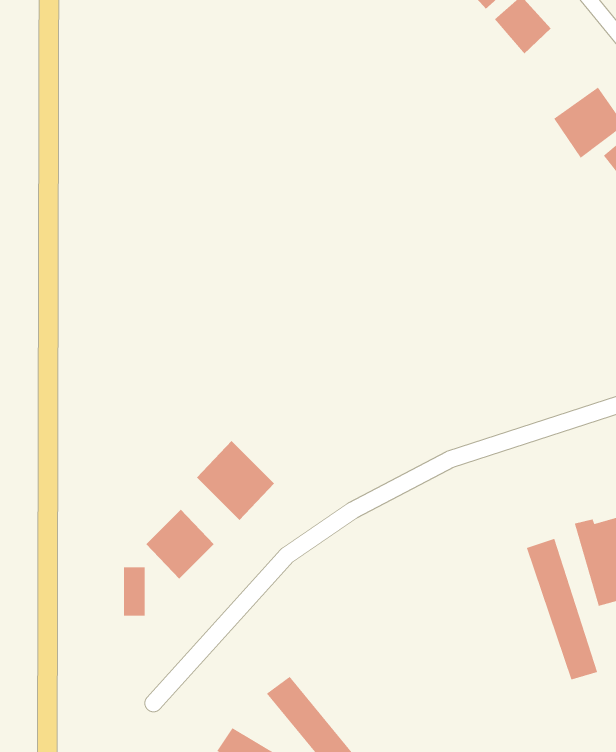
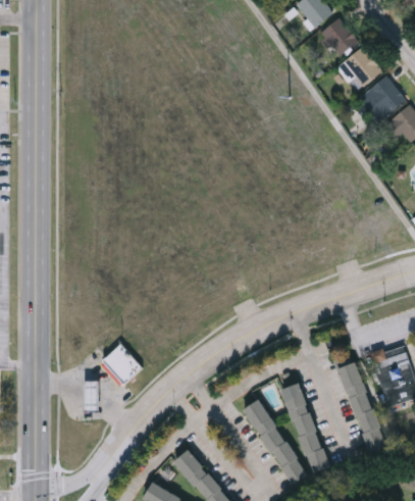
building: none -> [342,46,379,85]
building: [196,440,275,521] -> none
building: none -> [281,384,330,474]
building: none -> [245,399,307,486]

